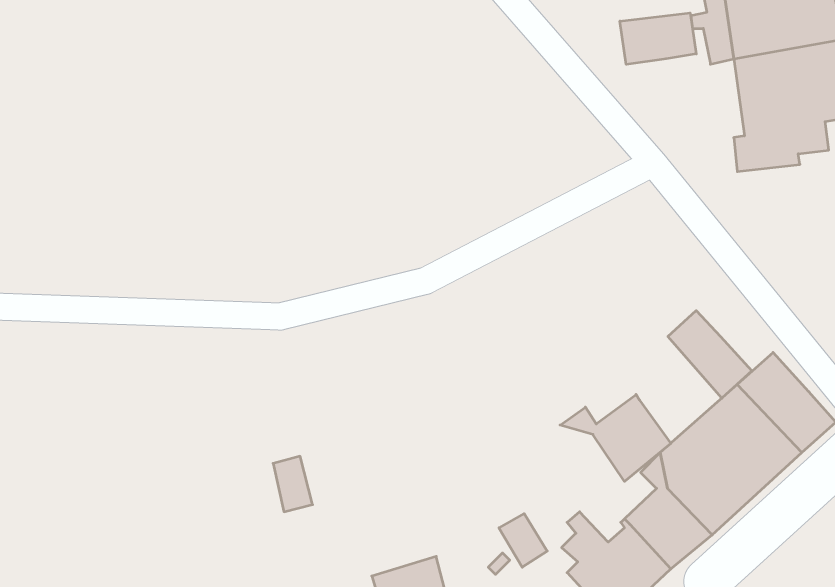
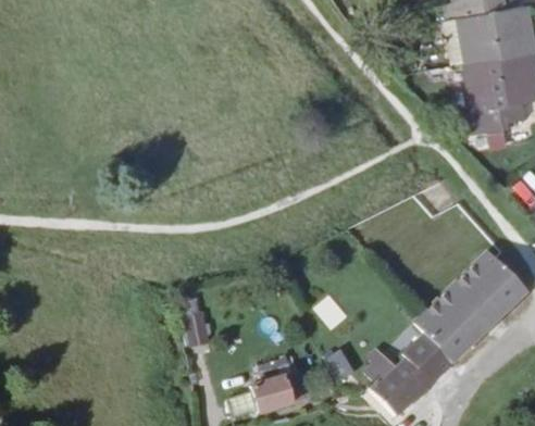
building: [620,13,696,64] -> none
building: [668,311,752,398] -> none
building: [560,394,671,481] -> none

